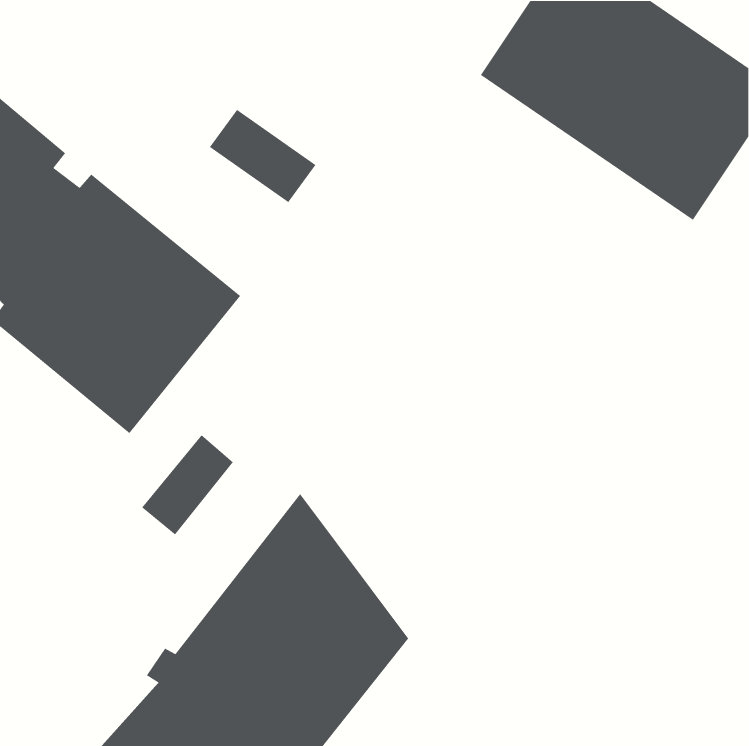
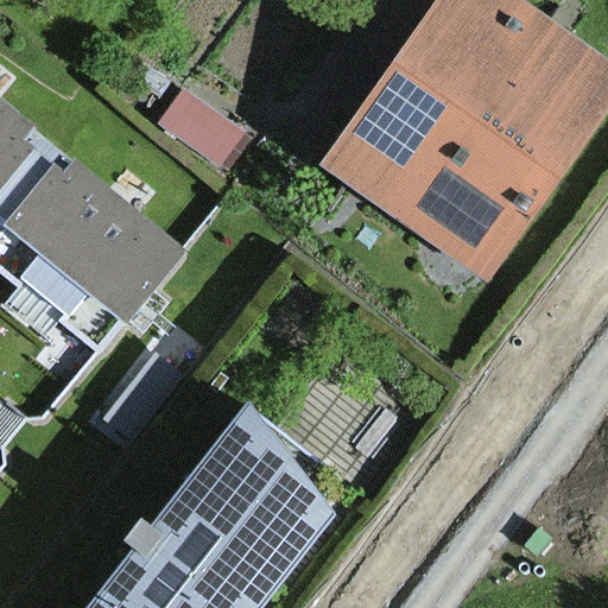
building: none -> [317,65,559,283]

